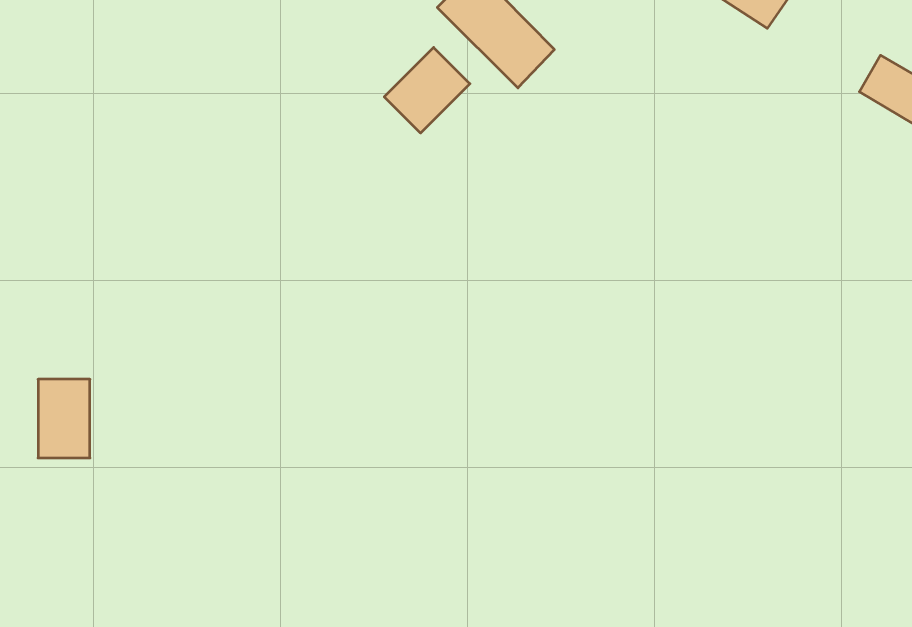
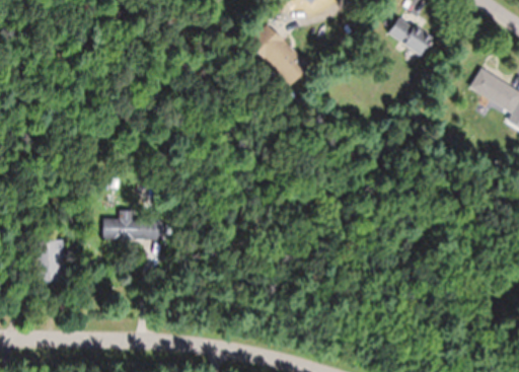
building: [384,47,470,133] -> none
building: none -> [105,211,161,240]

